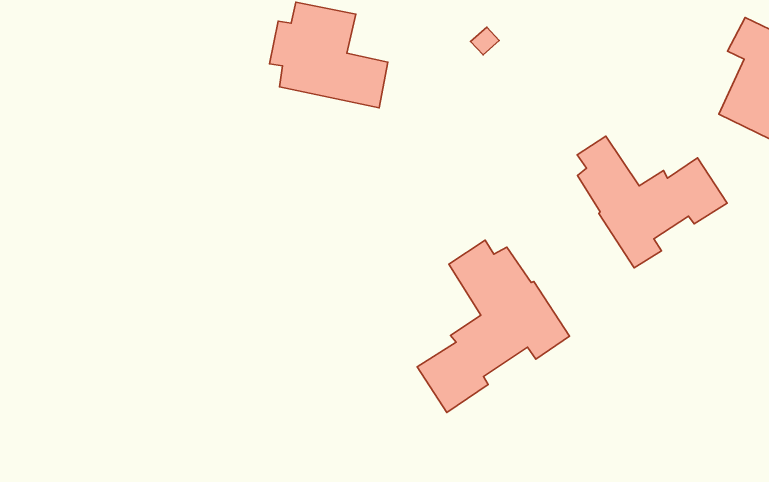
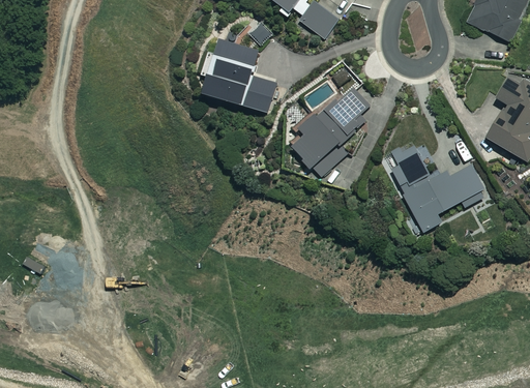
building: none -> [293,85,372,177]
building: [417,240,570,413] -> none

